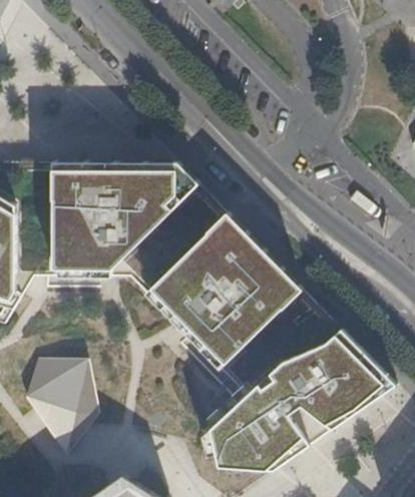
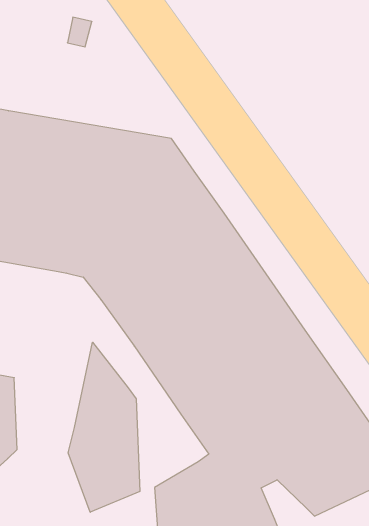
building: none -> [68,342,140,512]

